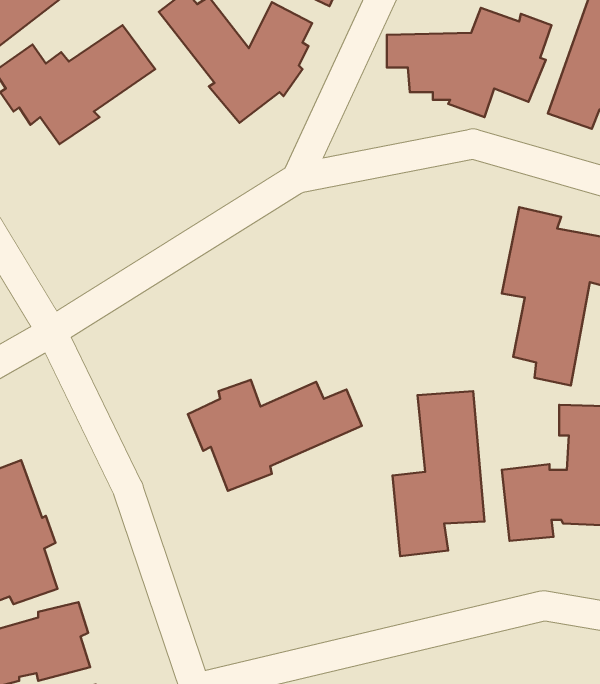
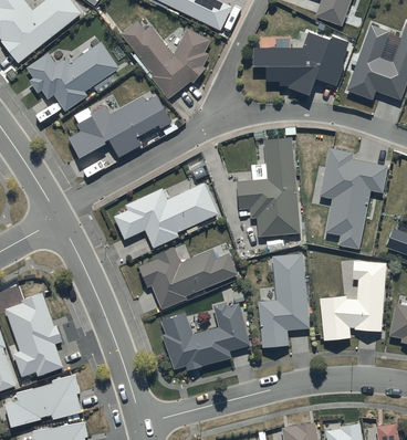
building: none -> [67,96,171,158]
building: none -> [237,137,300,237]
building: none -> [114,182,218,249]
building: none -> [161,302,249,371]

